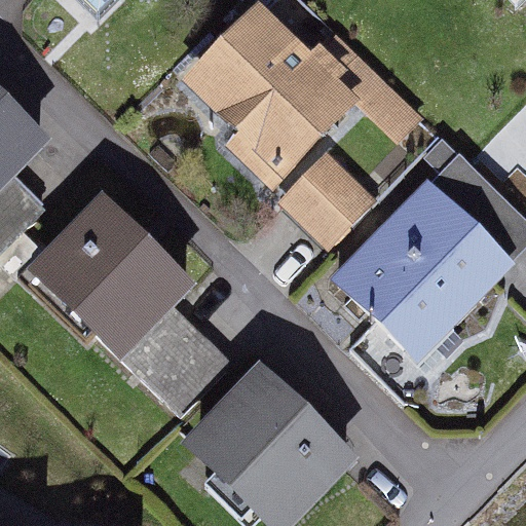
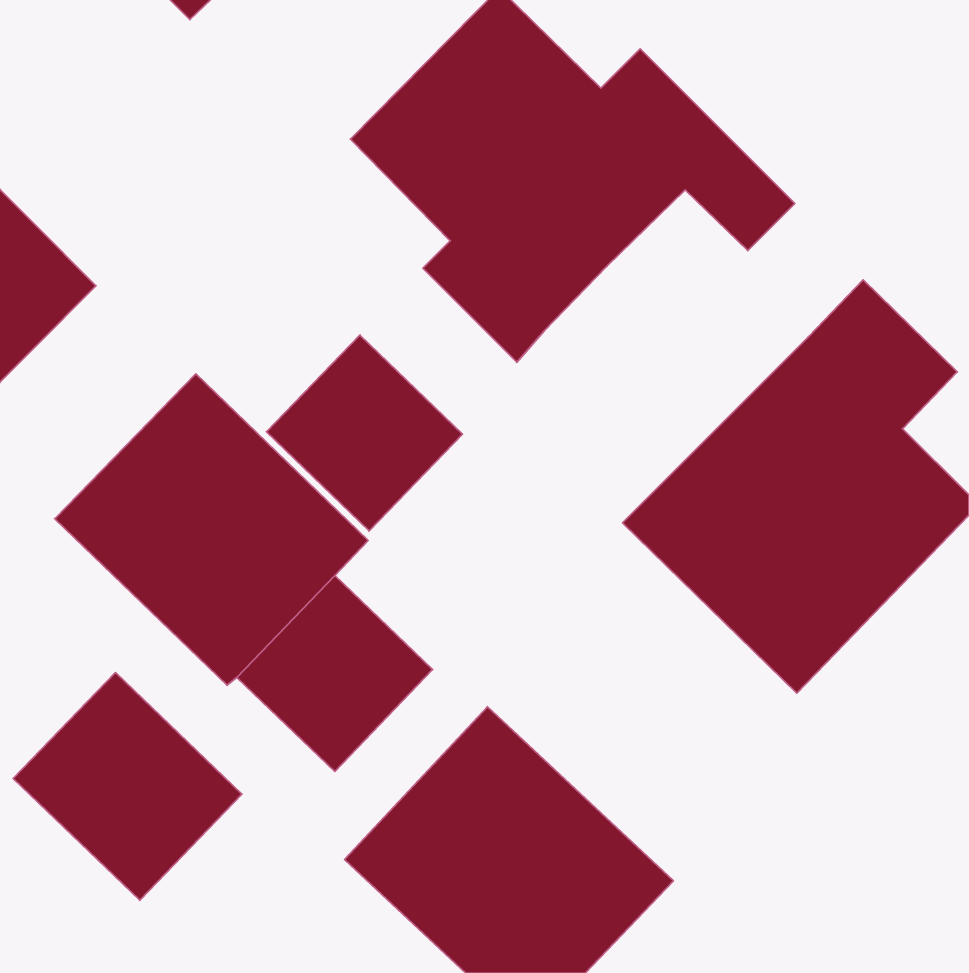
building: [271,140,374,240] -> none
building: none -> [266,335,462,531]
building: none -> [13,673,242,900]

